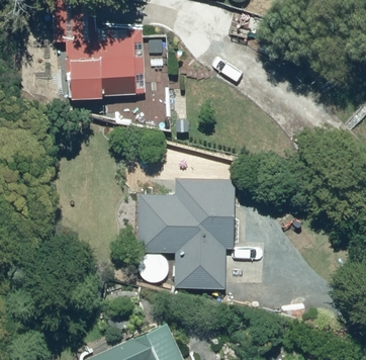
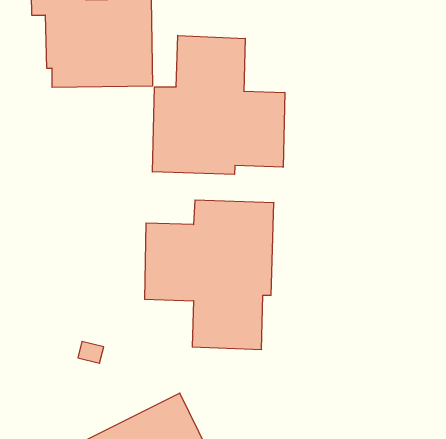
building: none -> [152,35,285,174]

